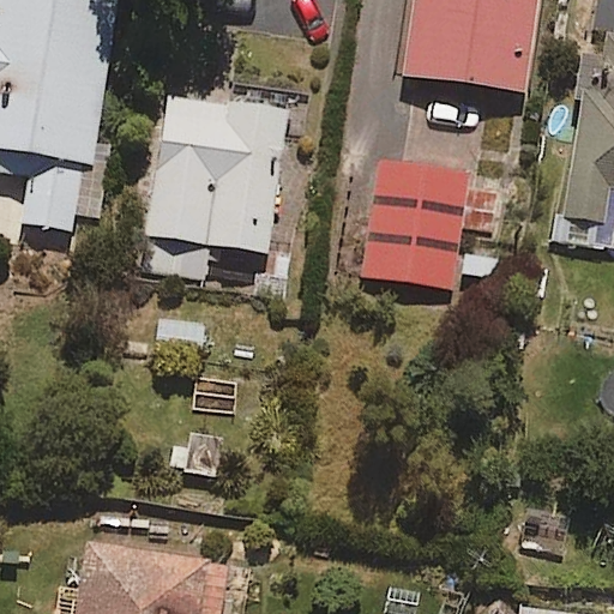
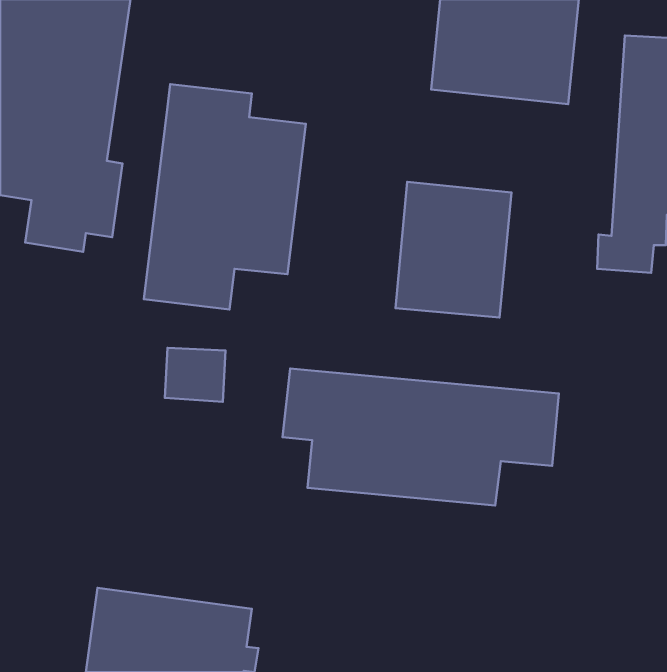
building: none -> [283,368,559,505]

